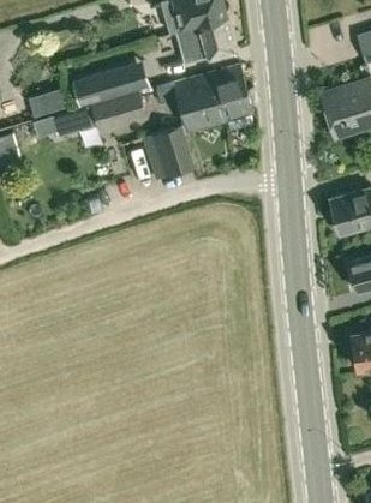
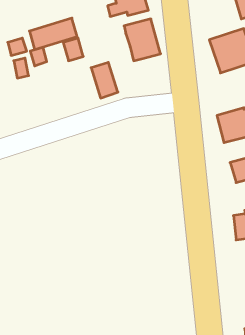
building: [155,74,215,131] -> none
building: [91,97,125,130] -> none

